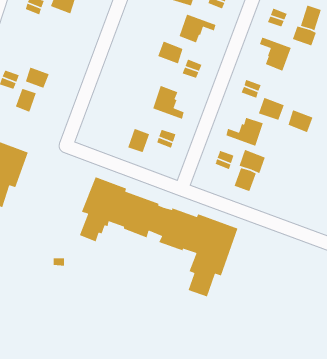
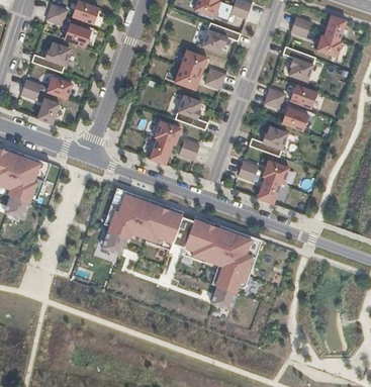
building: none -> [64,23,90,46]
building: none -> [31,42,70,73]
building: none -> [174,67,201,90]
building: [287,109,313,133] -> [290,85,316,109]
building: none -> [154,121,181,146]

